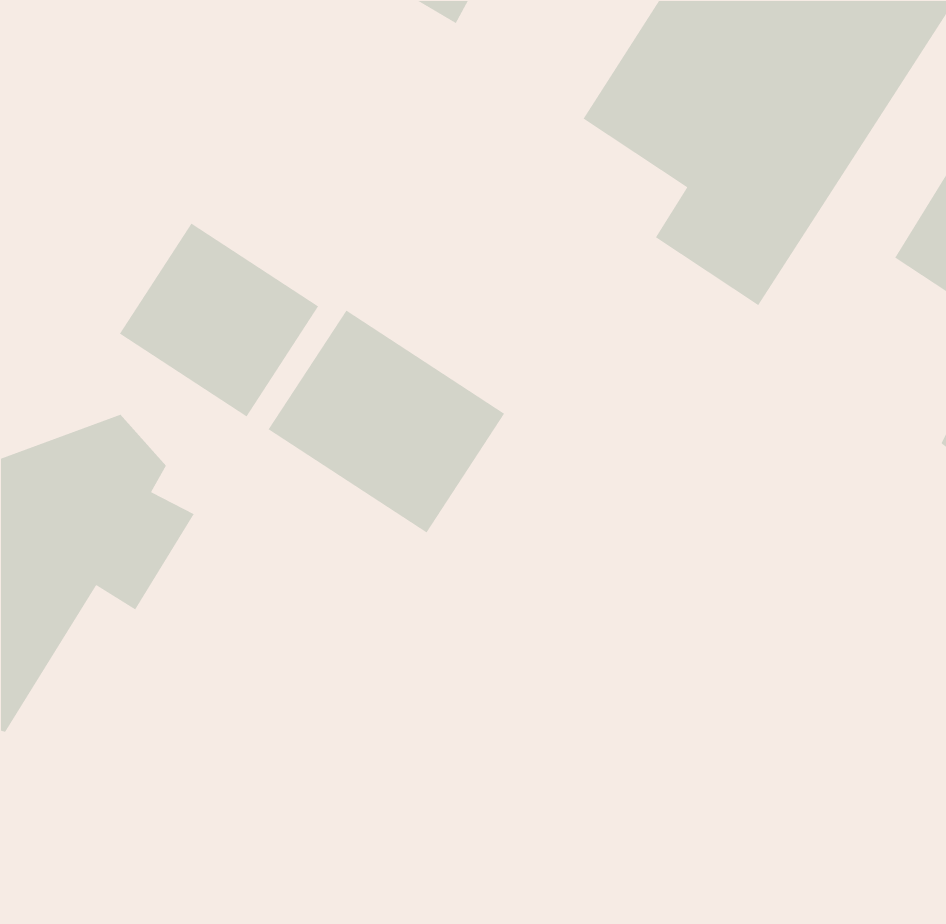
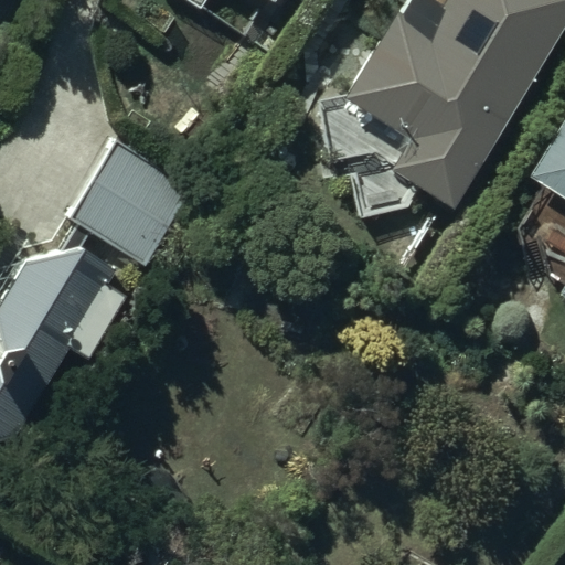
building: [268,310,505,533] -> none

